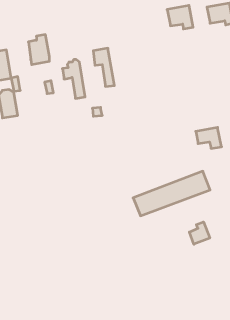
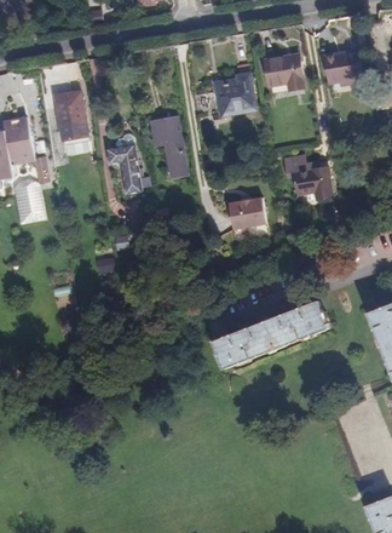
building: none -> [217,63,254,114]
building: none -> [229,199,265,229]
building: [196,127,222,148] -> [293,164,332,195]
building: [189,222,210,244] -> none

